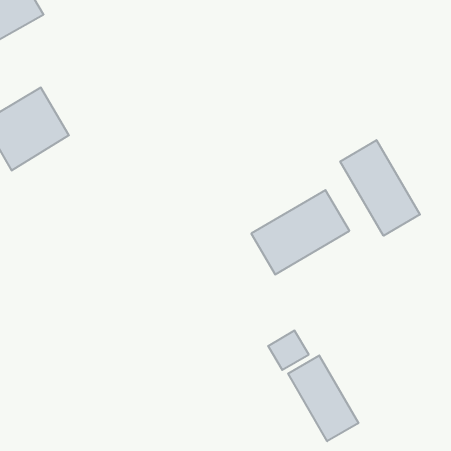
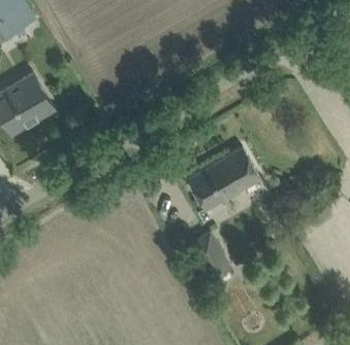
building: [340,140,420,236] -> none
building: [288,355,358,441] -> none

